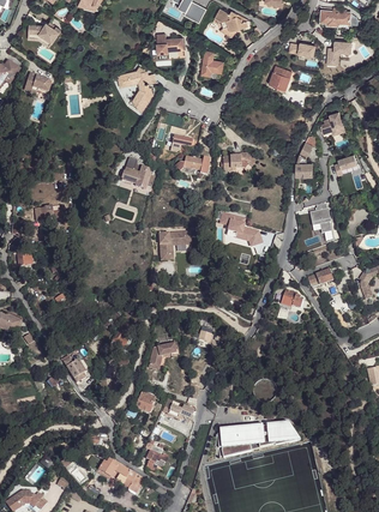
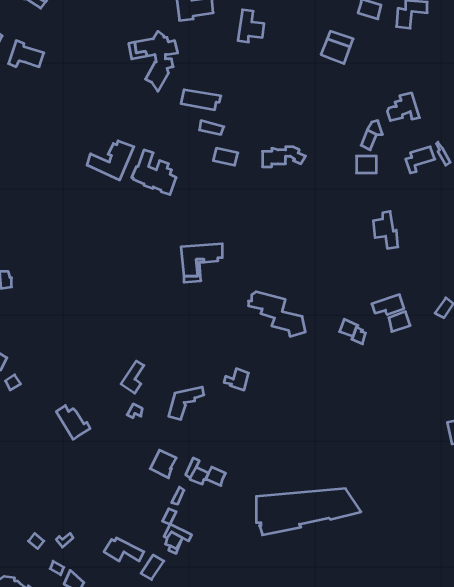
building: none -> [87,141,134,180]
building: [217,211,261,246] -> [248,292,305,336]

